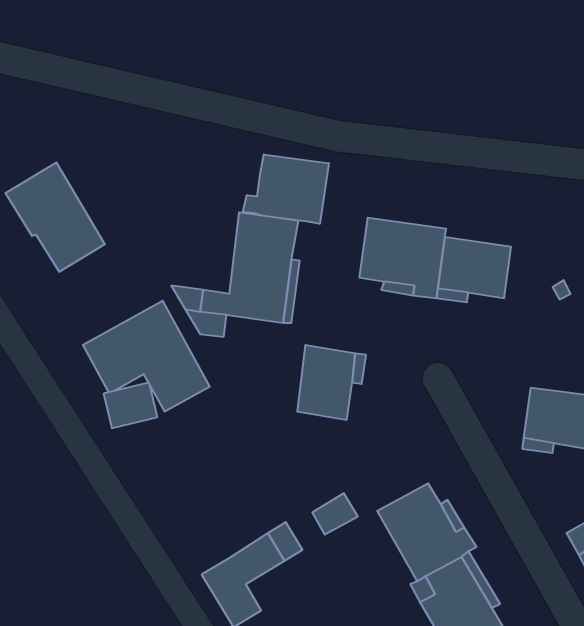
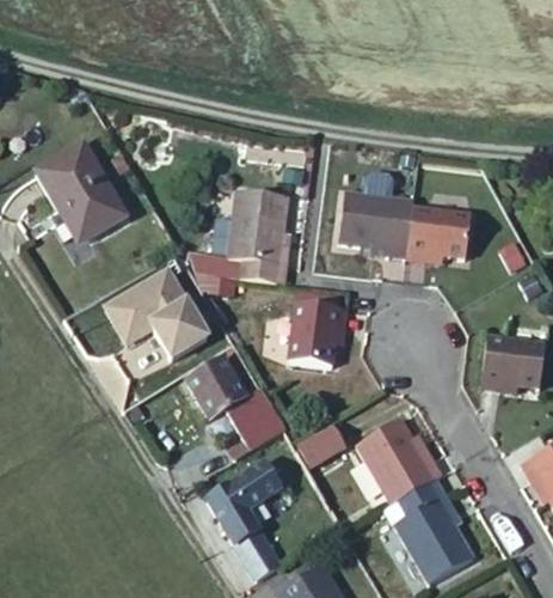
building: [243,154,329,224] -> none
building: none -> [186,358,284,460]

